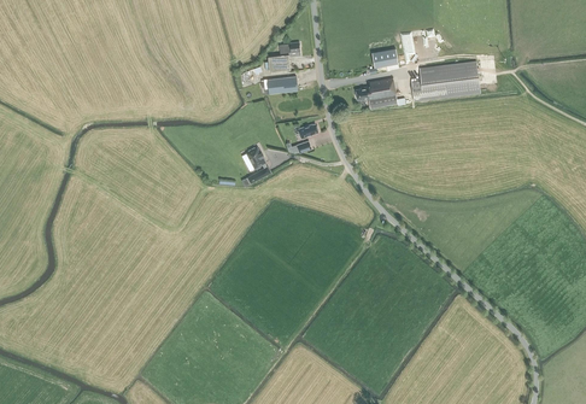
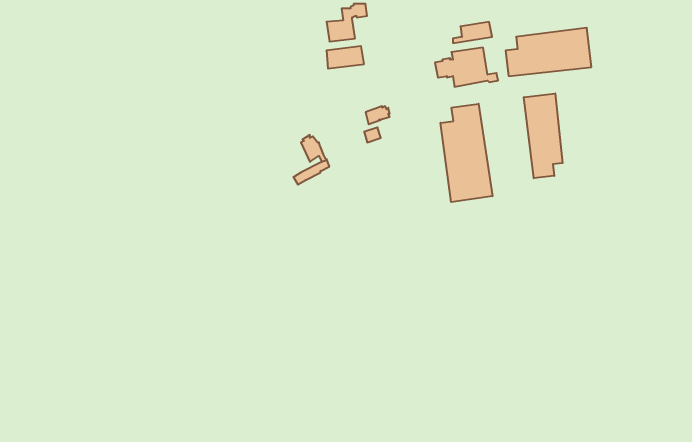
building: none -> [524,93,563,178]
building: none -> [441,104,492,202]

